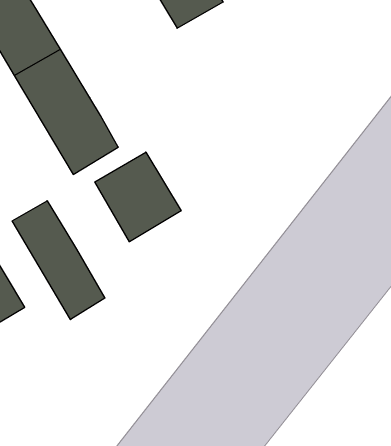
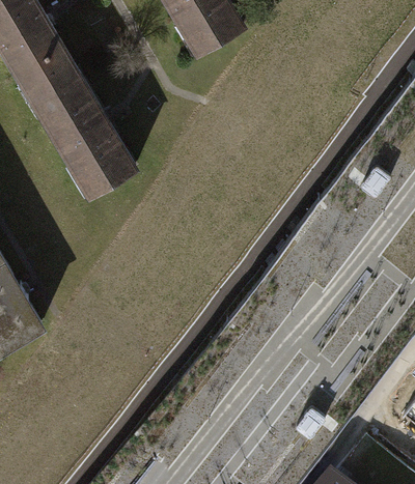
building: [95,152,181,242] -> none
building: [12,201,105,320] -> none

